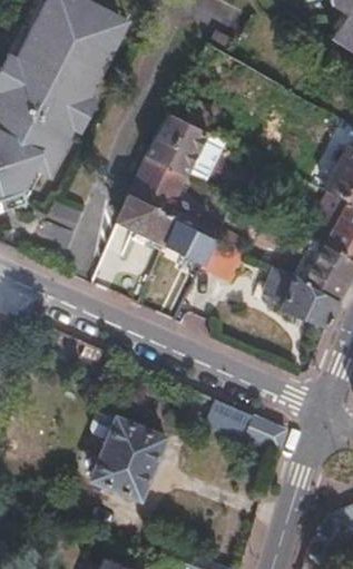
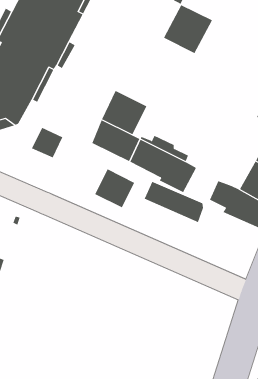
building: [147,114,209,176] -> [163,4,213,54]
building: none -> [94,168,135,208]
building: [210,401,286,453] -> [144,181,204,223]
building: [94,419,163,498] -> none

